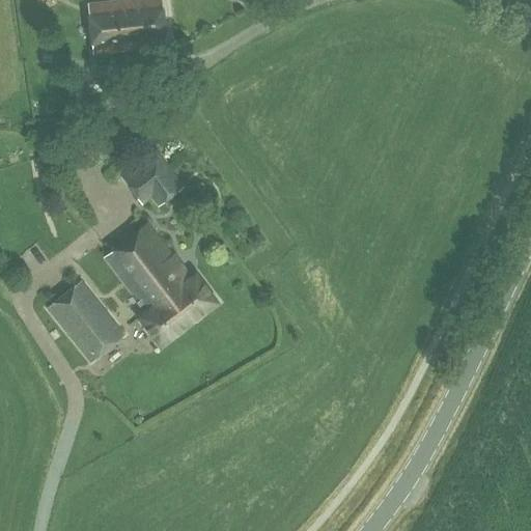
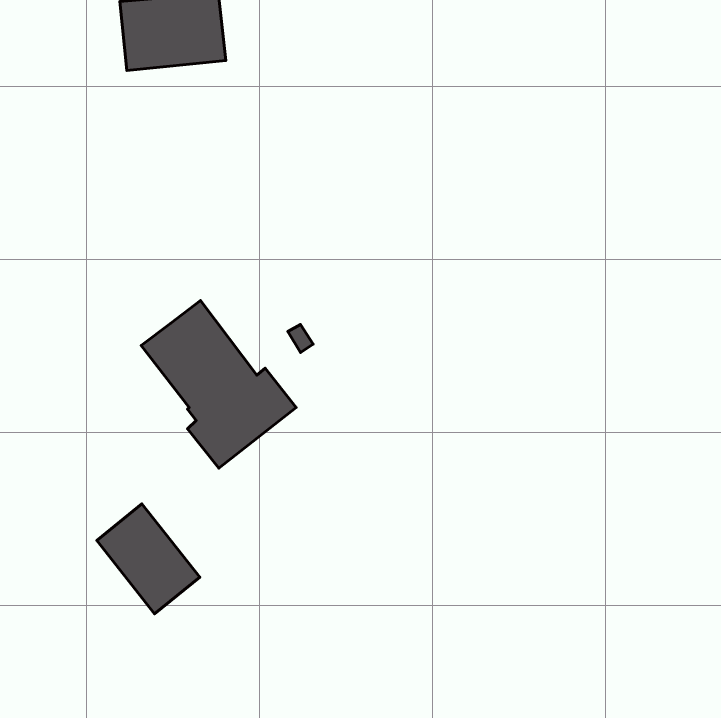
building: [123,151,181,202] -> none
building: [48,279,123,360] -> [97,504,200,614]

